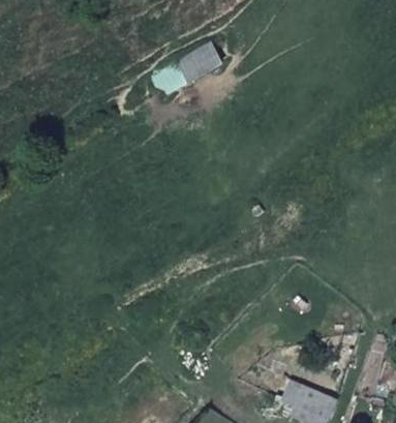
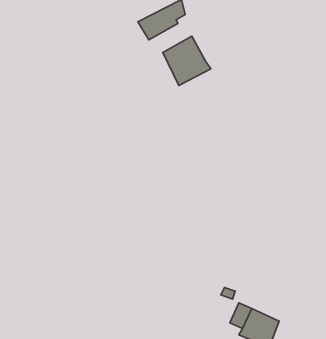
building: none -> [163,36,211,86]

